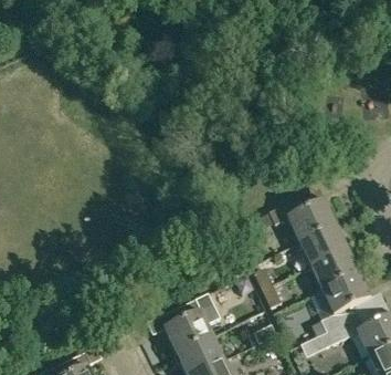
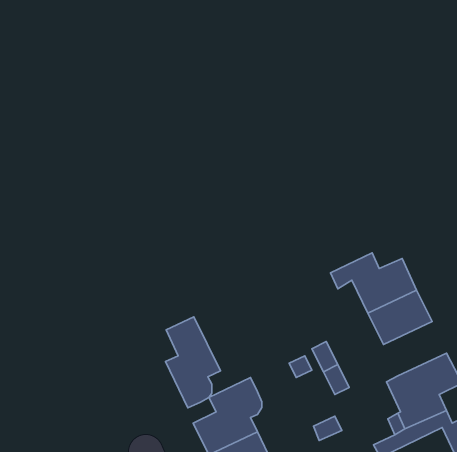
building: none -> [165,317,221,408]
building: [310,249,359,291] -> none

